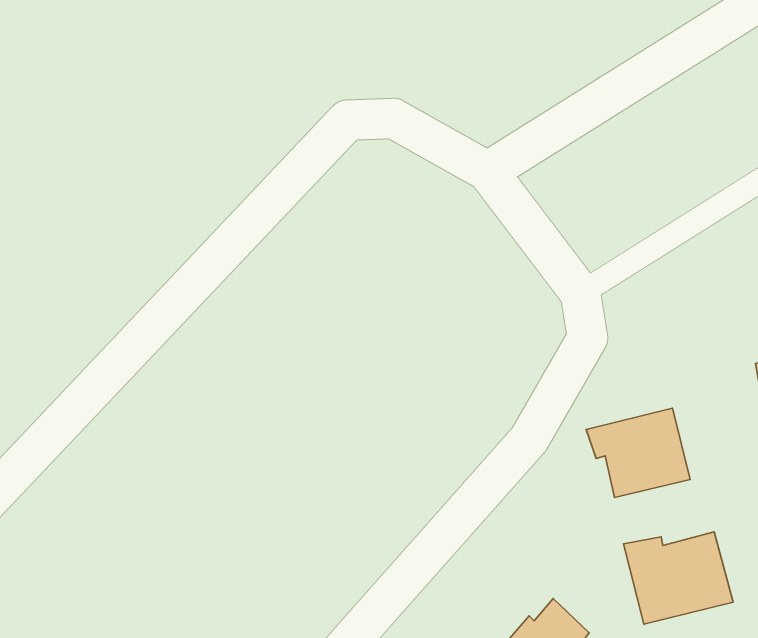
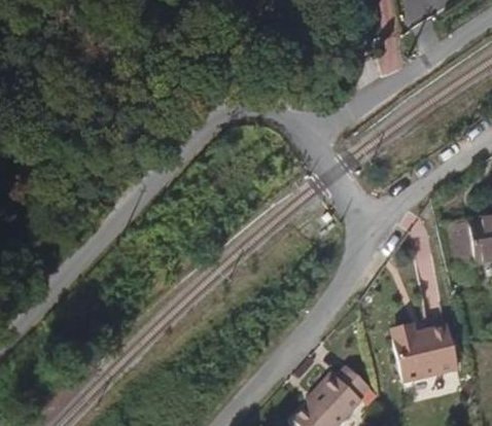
building: [586,408,690,498] -> none

